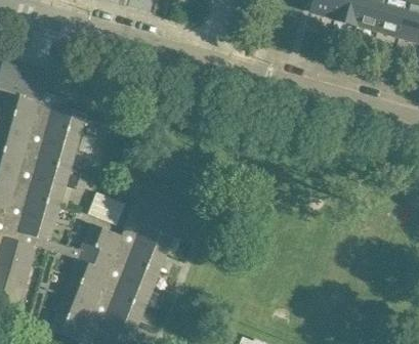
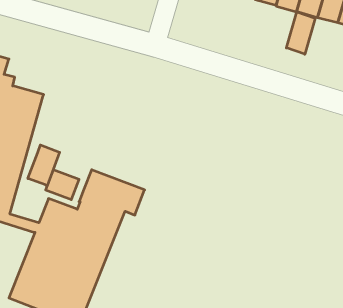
building: none -> [286,12,315,54]
building: none -> [28,145,60,186]

